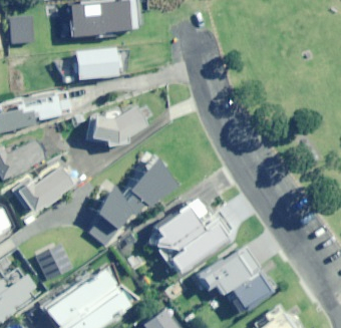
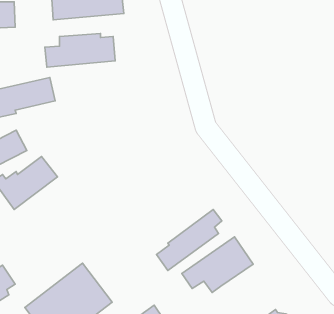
building: [86,104,145,146] -> none
building: [90,159,176,245] -> none
building: [146,205,201,247] -> none
building: [36,243,73,280] -> none
building: [230,268,278,310] -> none

